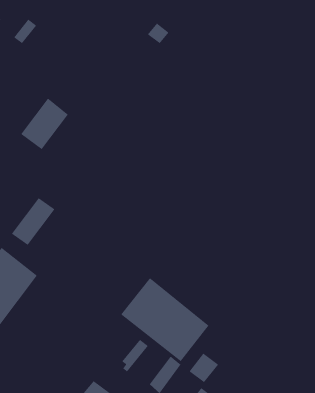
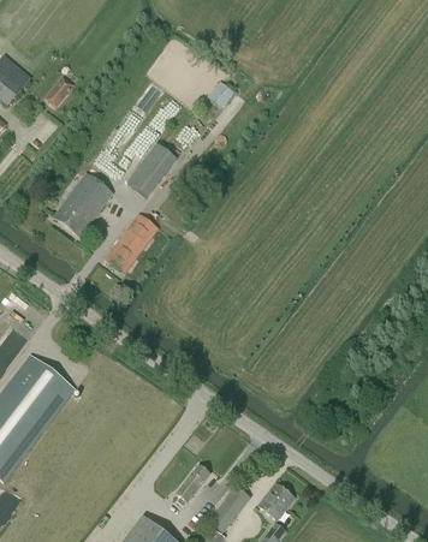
building: none -> [129,139,179,197]
building: [11,197,55,246] -> [105,213,159,272]
building: [120,277,210,362] -> none

